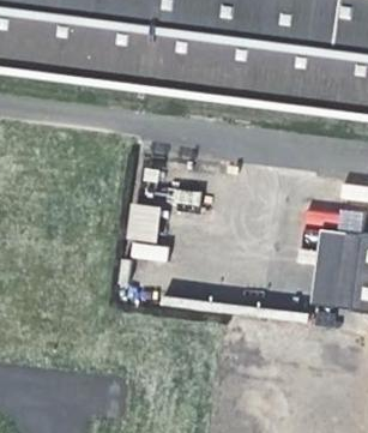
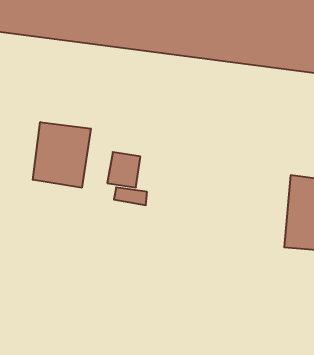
building: none -> [33,122,91,188]

